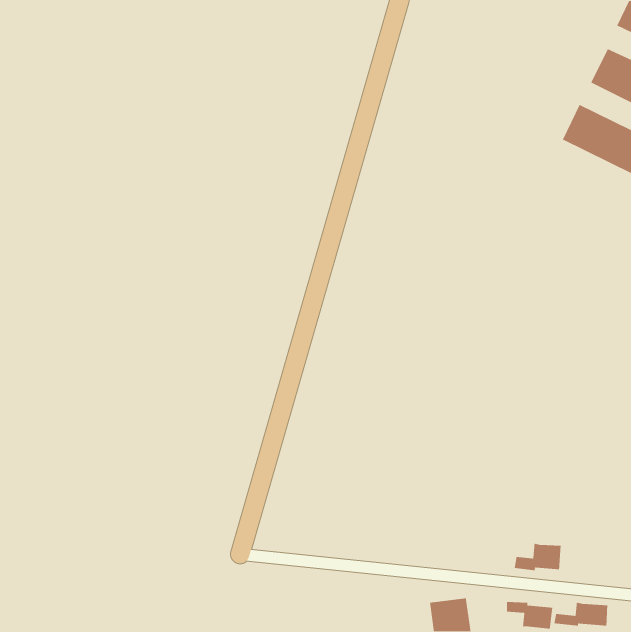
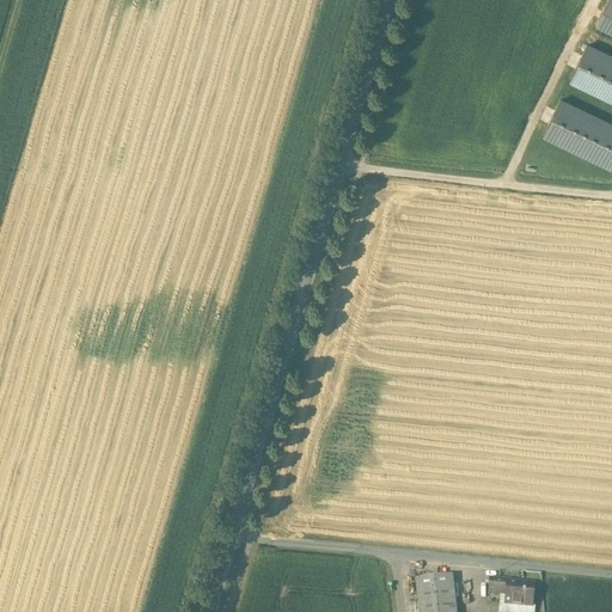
building: [514,543,561,571] -> none
building: [553,602,608,627] -> none

